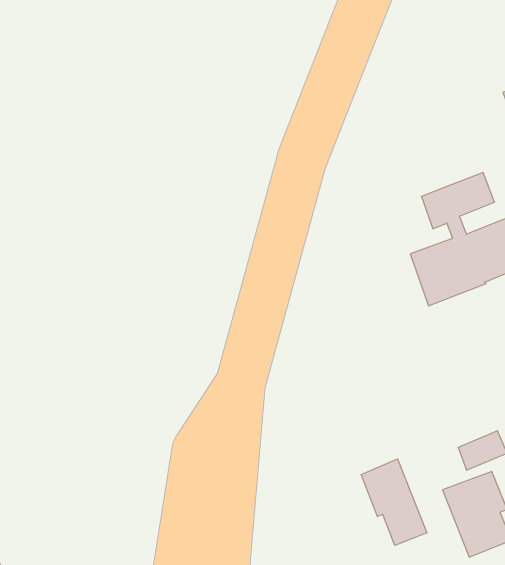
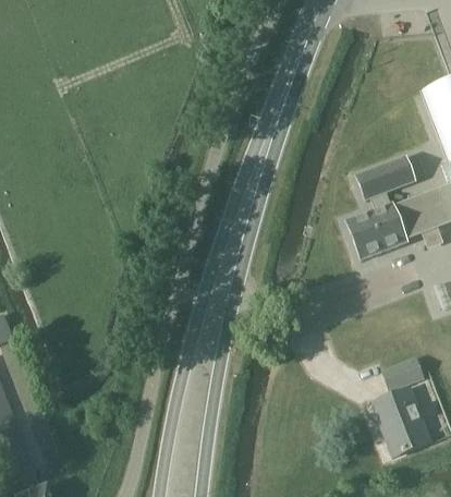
building: [361,459,427,545] -> none

